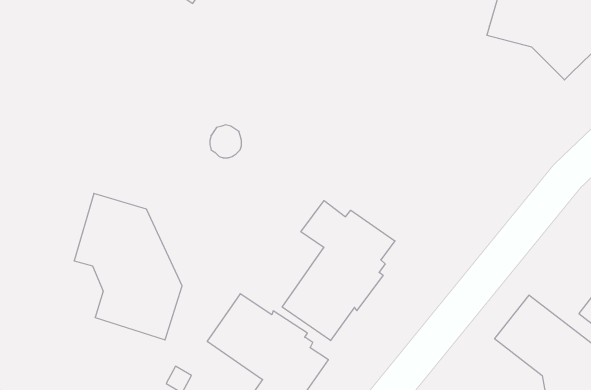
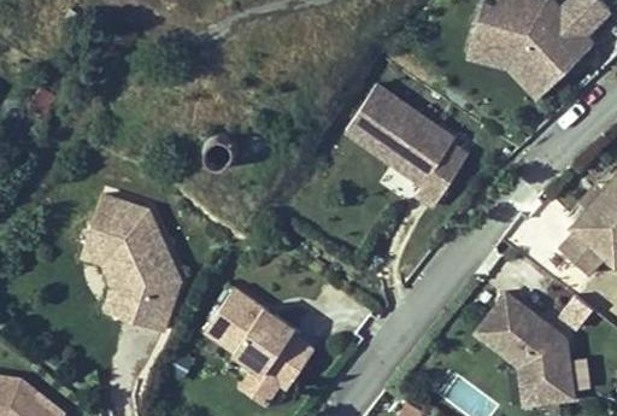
building: none -> [347,89,471,205]
building: [282,201,395,341] -> none

